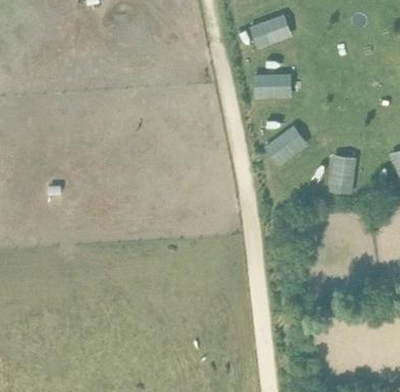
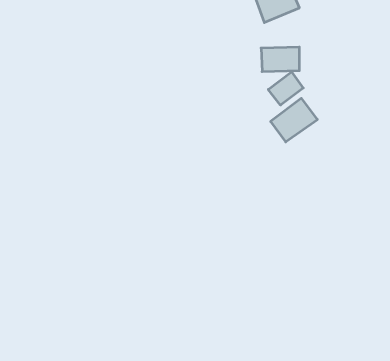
building: none -> [268,72,303,105]
building: [328,156,357,195] -> none

